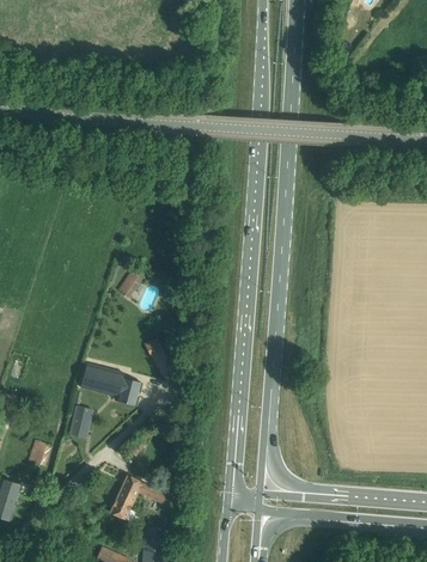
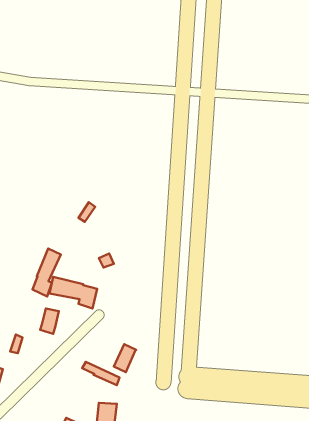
building: none -> [32,248,61,296]
building: [109,483,138,519] -> [114,344,136,372]

